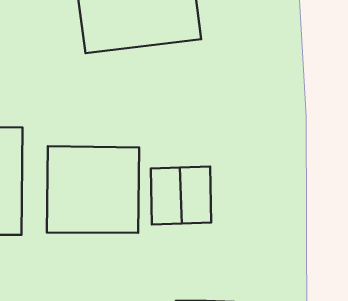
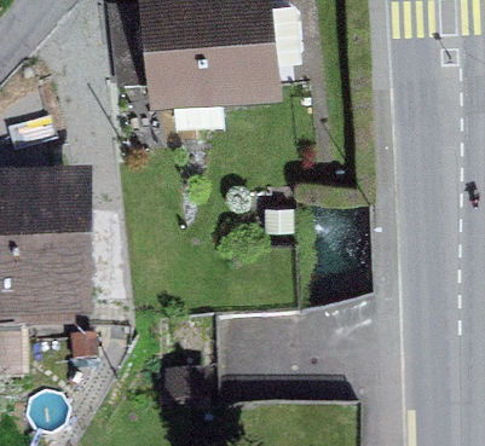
building: [47,146,139,233] -> none

